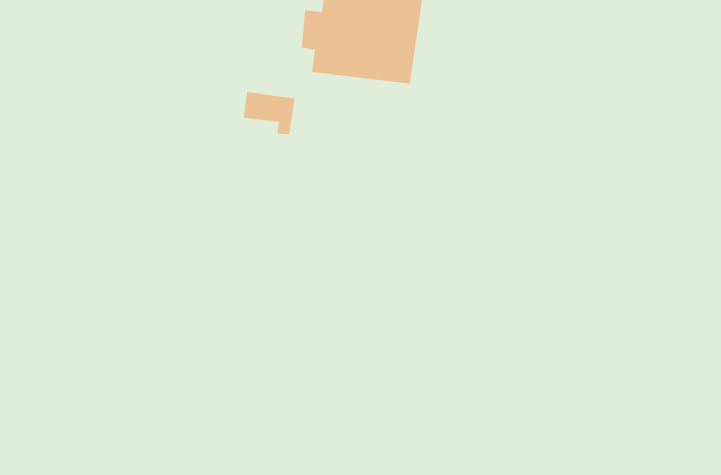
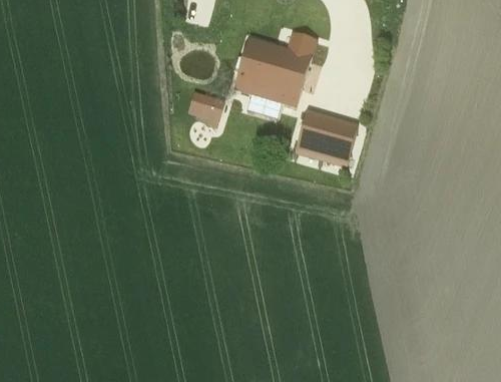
building: none -> [297,112,358,165]

